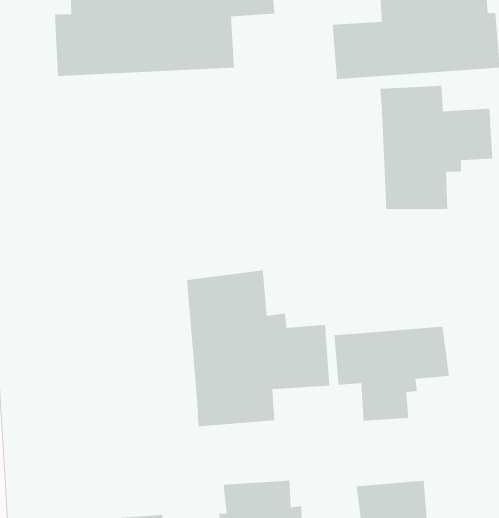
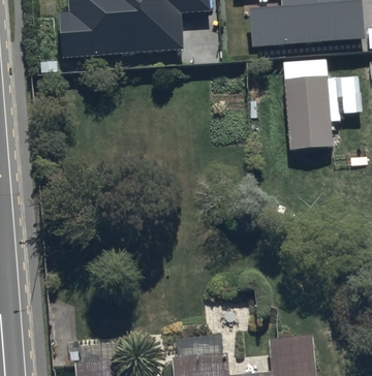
building: [187,270,330,427] -> none
building: [334,326,449,422] -> none

